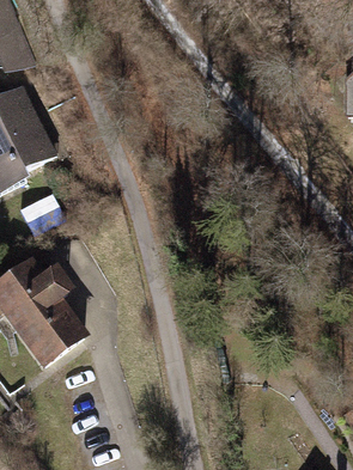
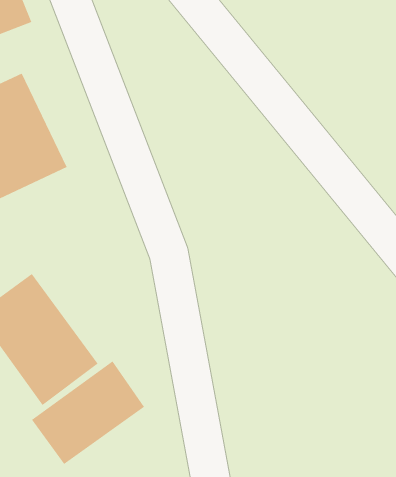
building: none -> [31,360,145,465]

